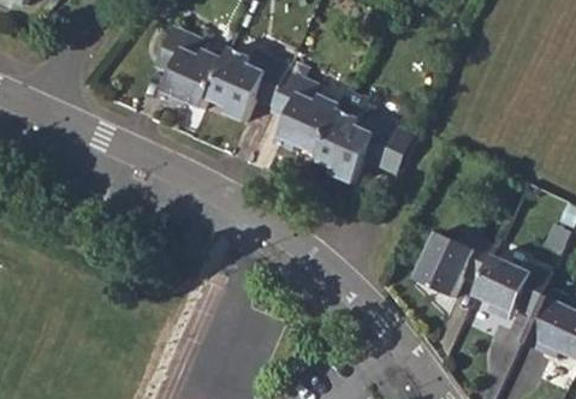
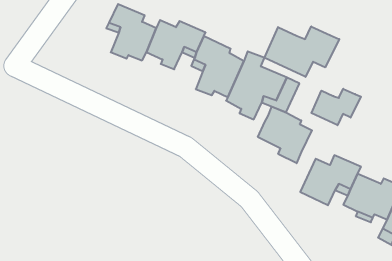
building: none -> [265,26,339,77]
building: none -> [311,89,361,125]
building: none -> [258,107,312,163]

